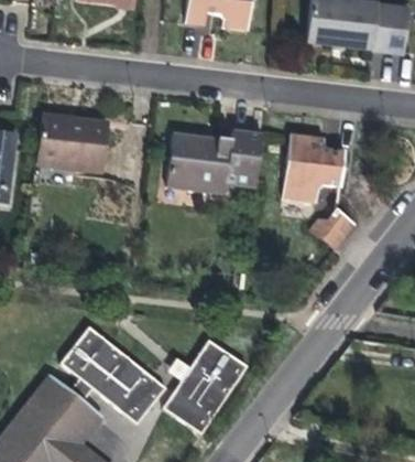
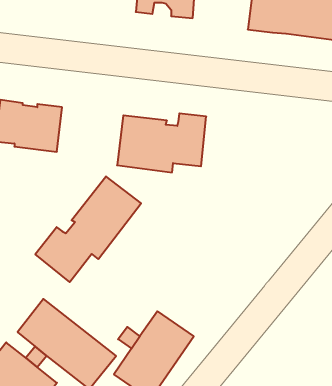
building: [283,135,343,201] -> none
building: none -> [35,176,141,282]
building: [309,208,354,249] -> none

